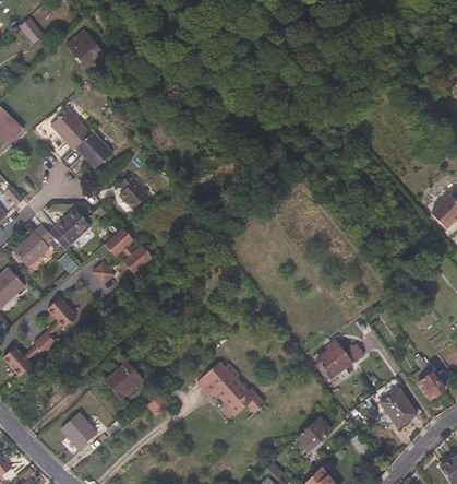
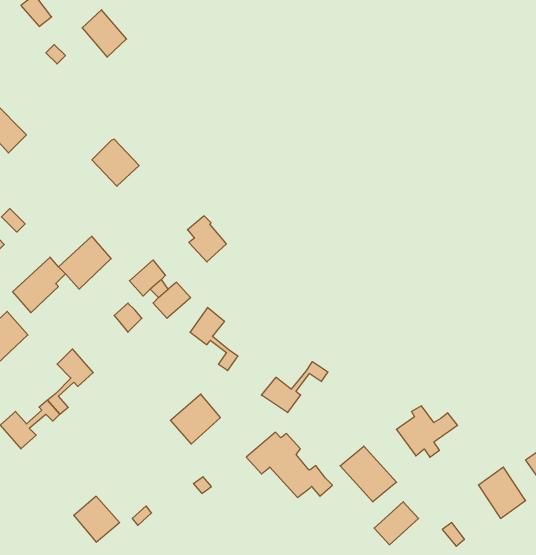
building: [51,108,91,149] -> none
building: [118,173,148,209] -> [187,216,226,262]
building: none -> [190,307,238,371]
building: none -> [261,362,328,413]
building: [104,359,143,399] -> [170,394,220,444]
building: none -> [340,446,397,502]

